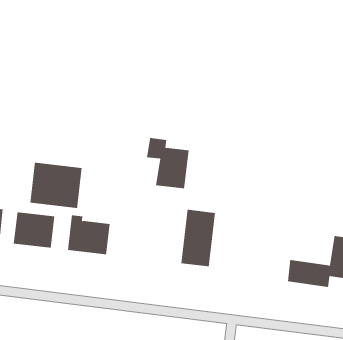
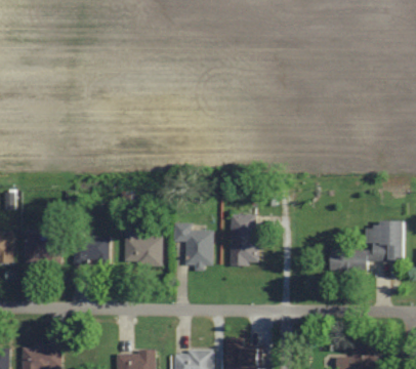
building: [146,138,189,189] -> [174,223,213,266]
building: [30,162,82,209] -> none

